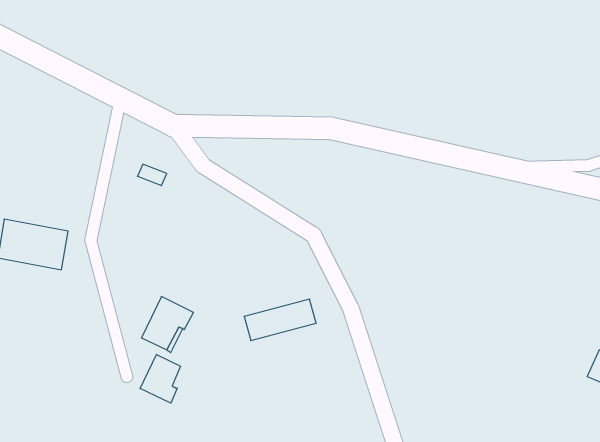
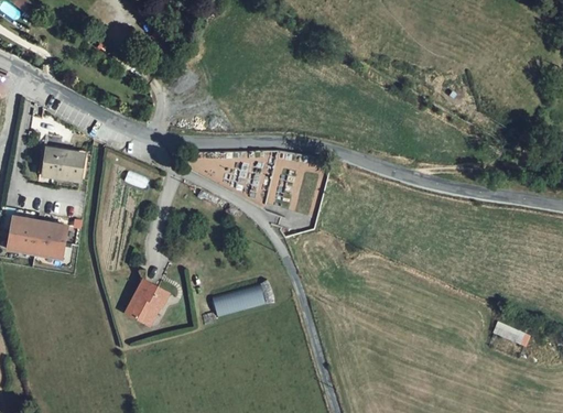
building: none -> [44,150,84,180]
building: [140,354,181,403] -> none

